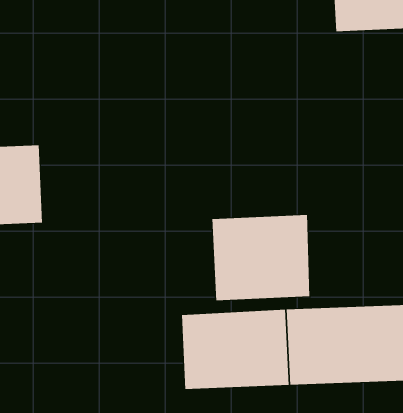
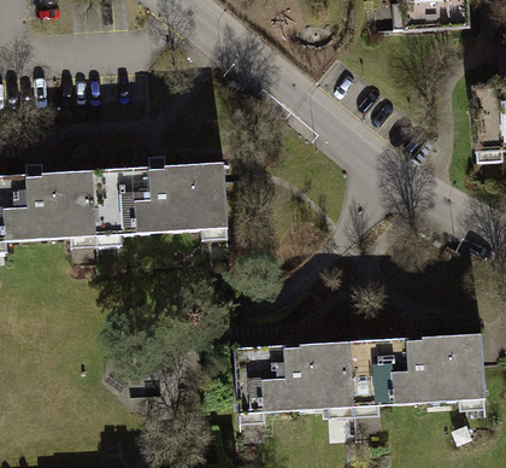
building: none -> [92,150,228,242]
building: [212,214,310,301] -> none

